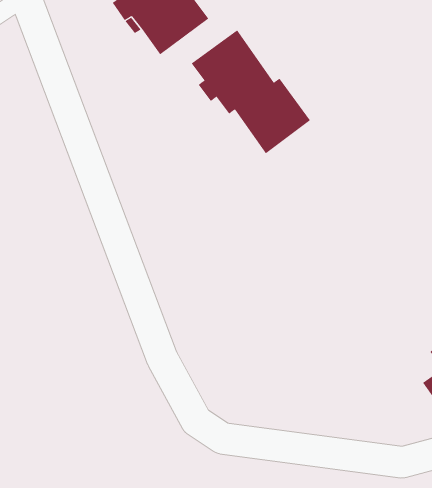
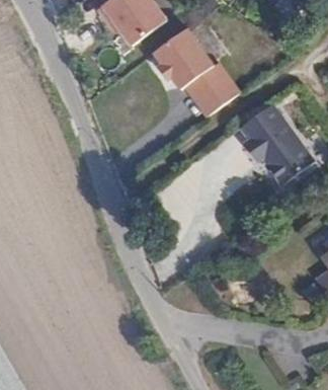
building: none -> [239,104,313,186]

